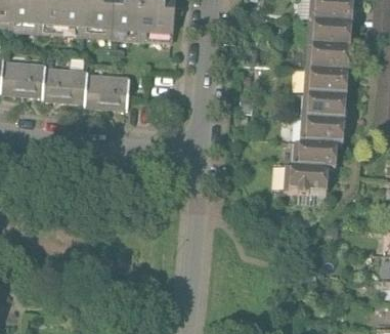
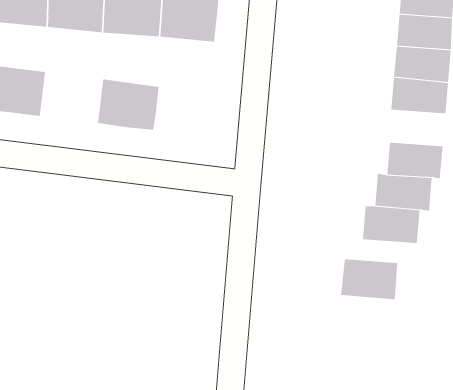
building: [40,66,87,105] -> none
building: [304,94,347,122] -> none
building: none -> [340,258,398,300]

